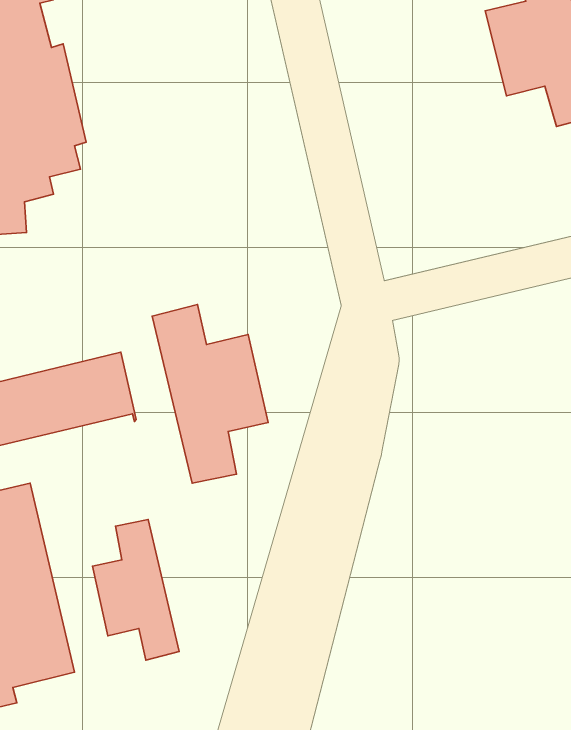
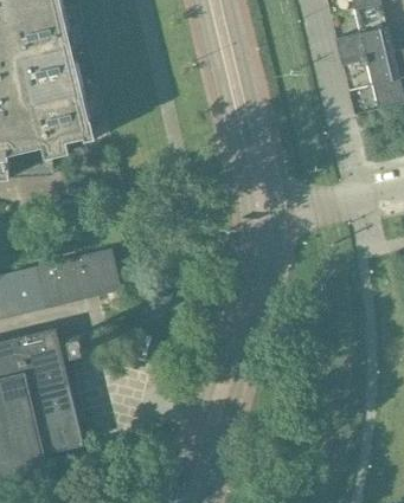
building: [152,304,268,483] -> none
building: [92,520,179,660] -> none

